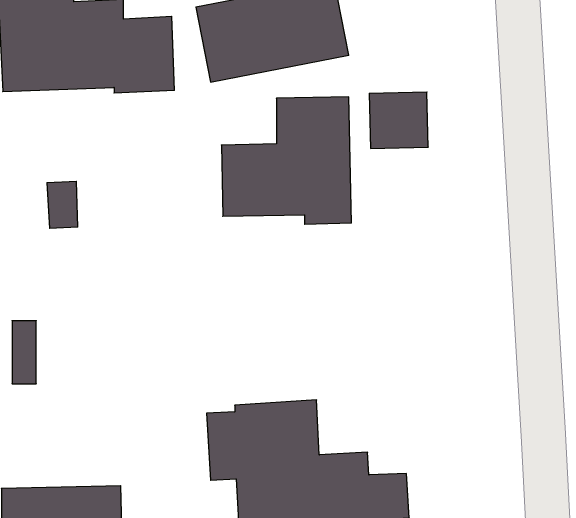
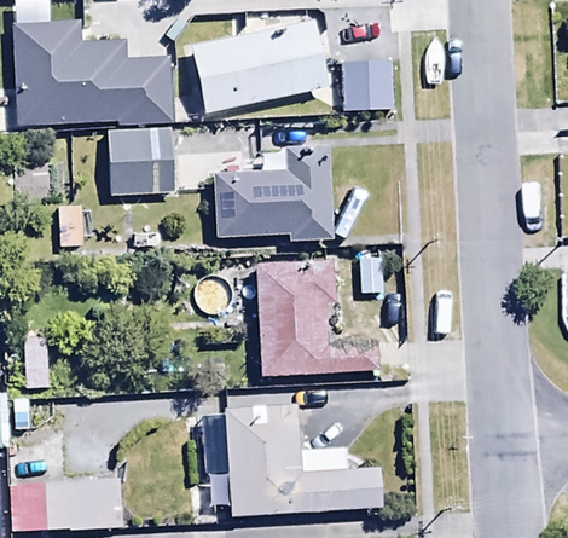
building: [369,92,428,148] -> [340,60,393,111]
building: none -> [108,128,176,195]
building: none -> [256,259,373,378]

